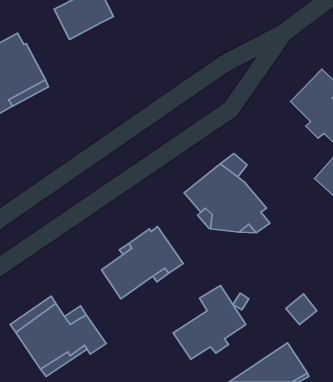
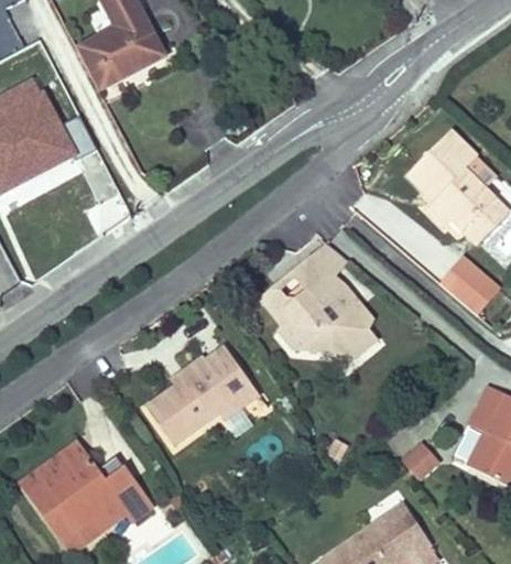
building: [173,286,246,359] -> none

